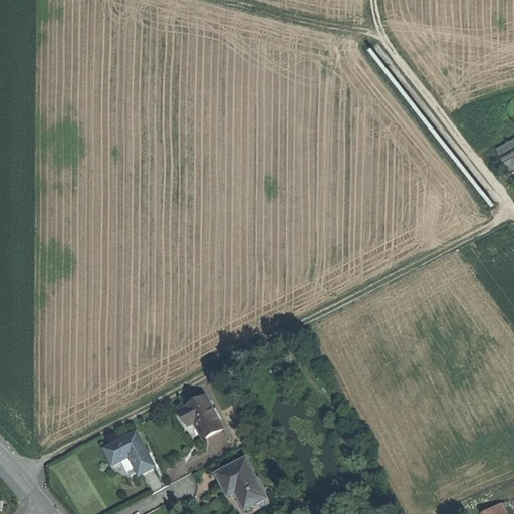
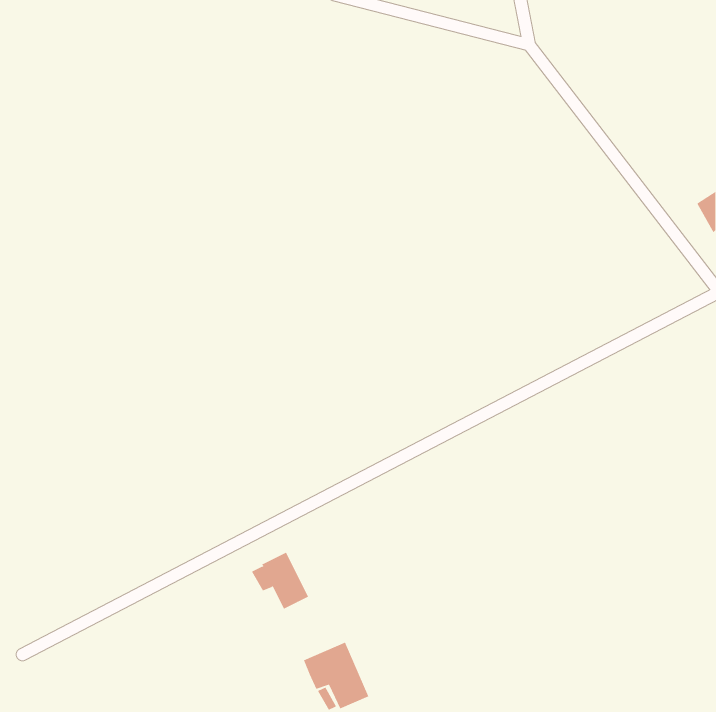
building: [104,431,154,473] -> none

